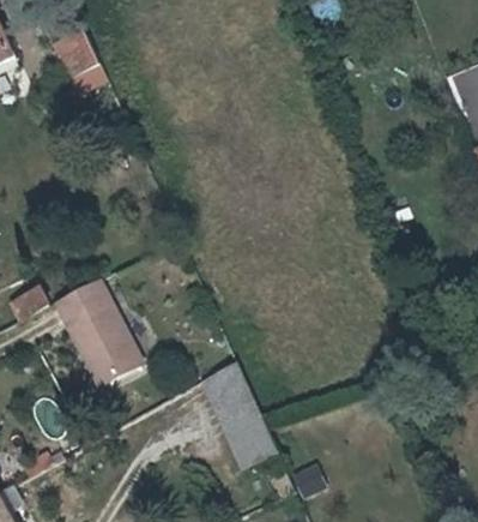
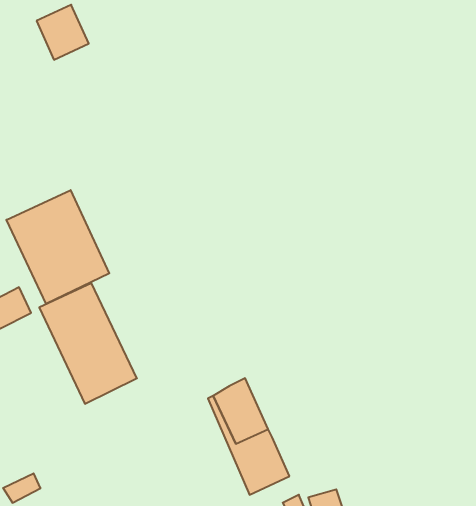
building: none -> [6,190,109,304]

